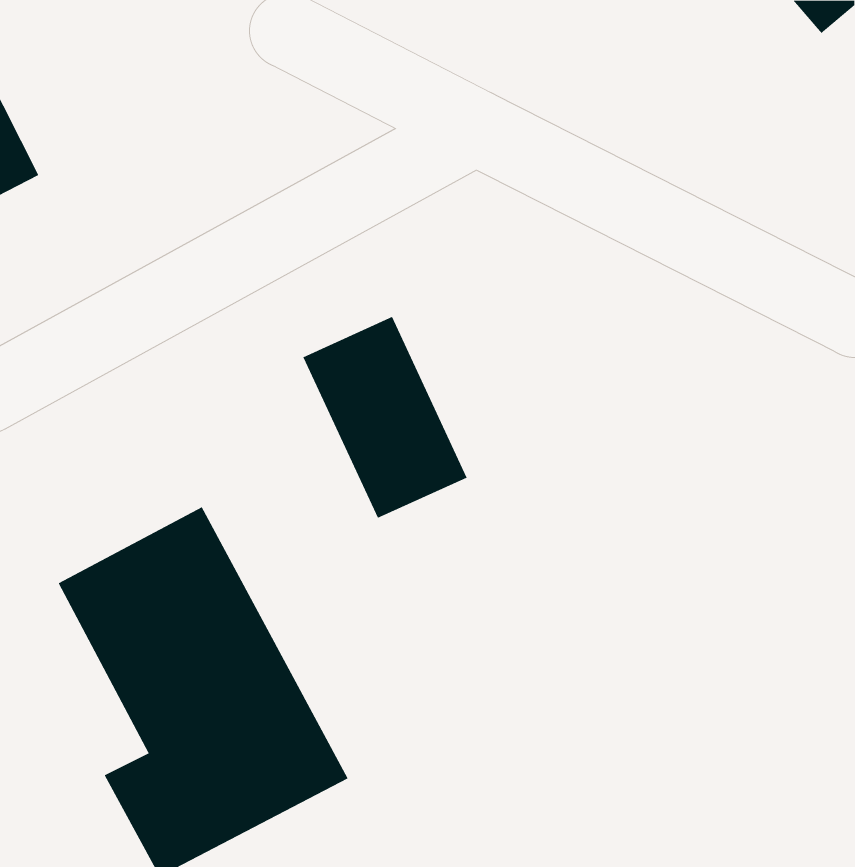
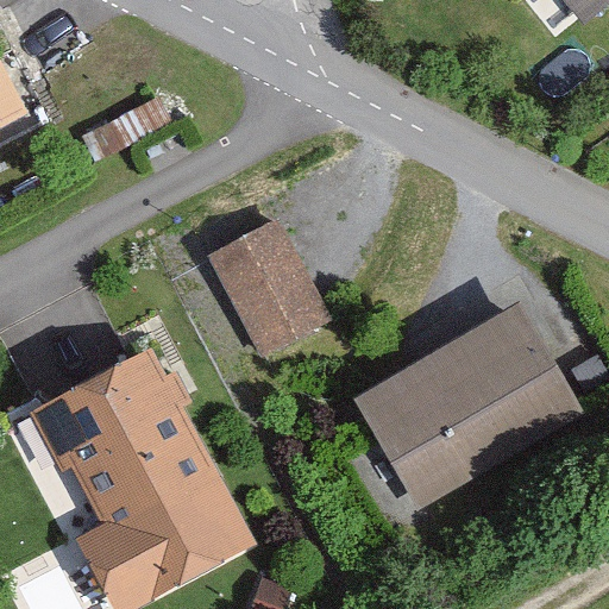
building: none -> [370,301,583,495]

